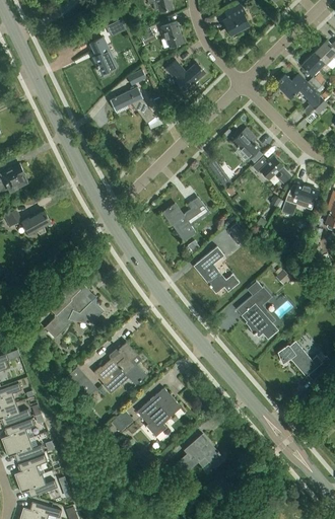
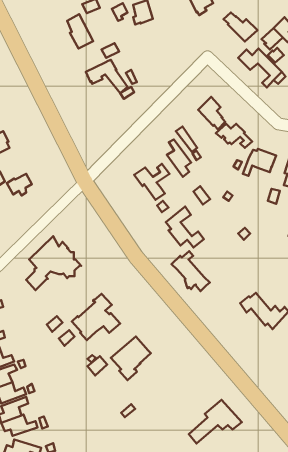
building: none -> [224,13,257,42]
building: [164,60,205,90] -> none
building: none -> [167,139,191,177]
building: [237,295,278,339] -> [172,251,210,291]
building: [166,434,224,481] -> [189,400,242,444]

